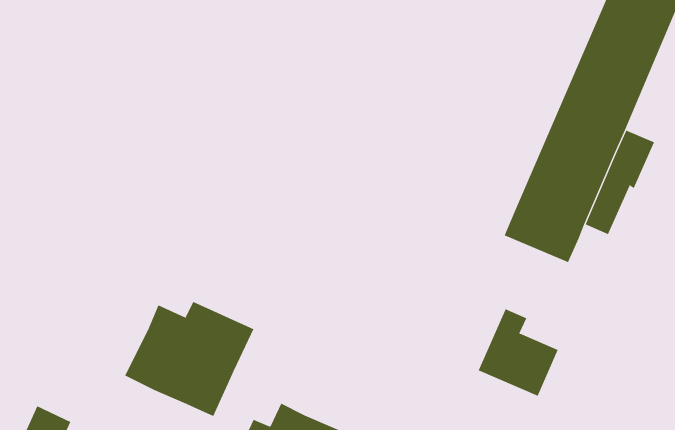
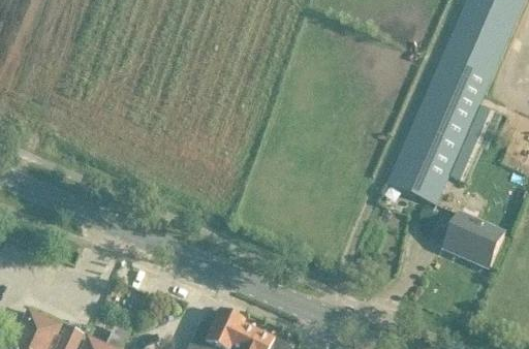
building: [124,301,254,417] -> none
building: [478,309,559,396] -> [444,201,505,267]

